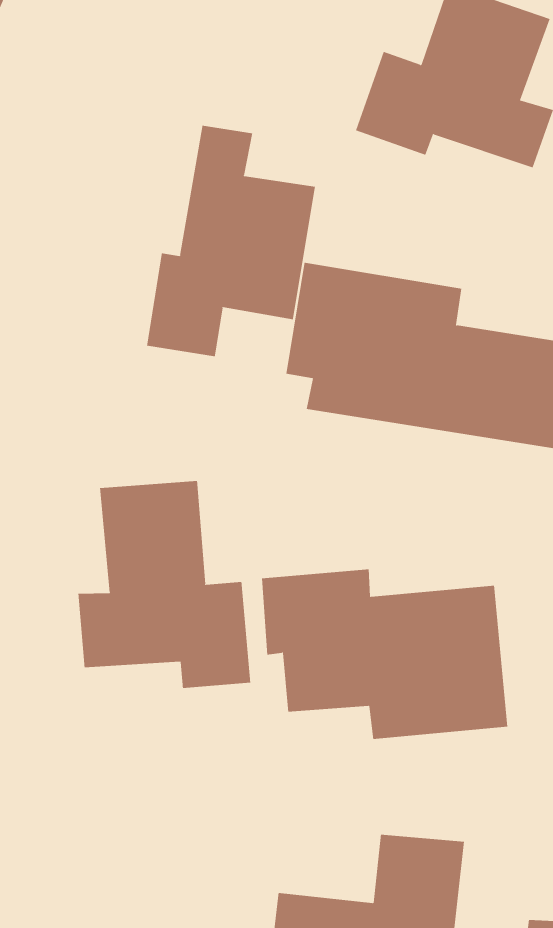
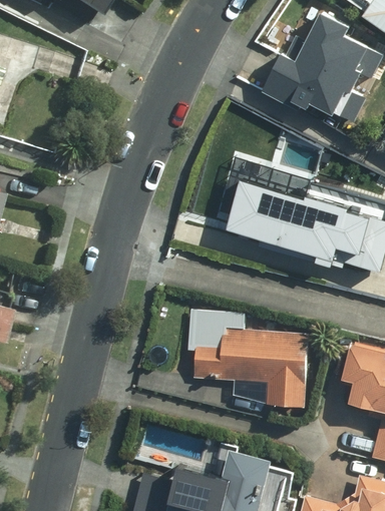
building: [146,125,316,357] -> none
building: [78,480,251,689] -> none

